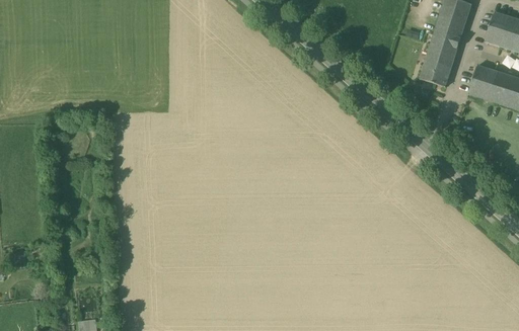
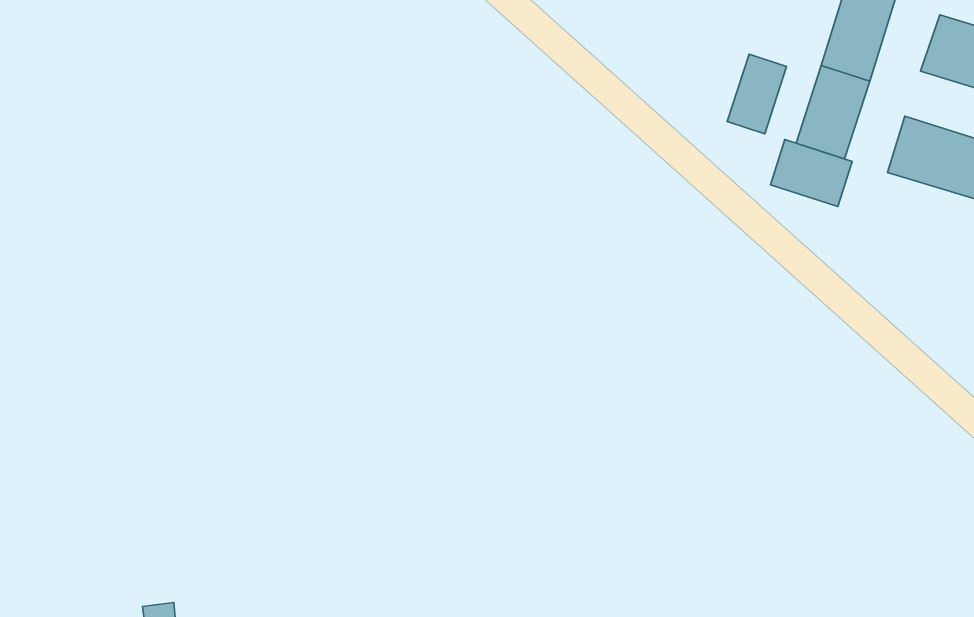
building: none -> [727,54,787,134]
building: none -> [771,140,852,207]

